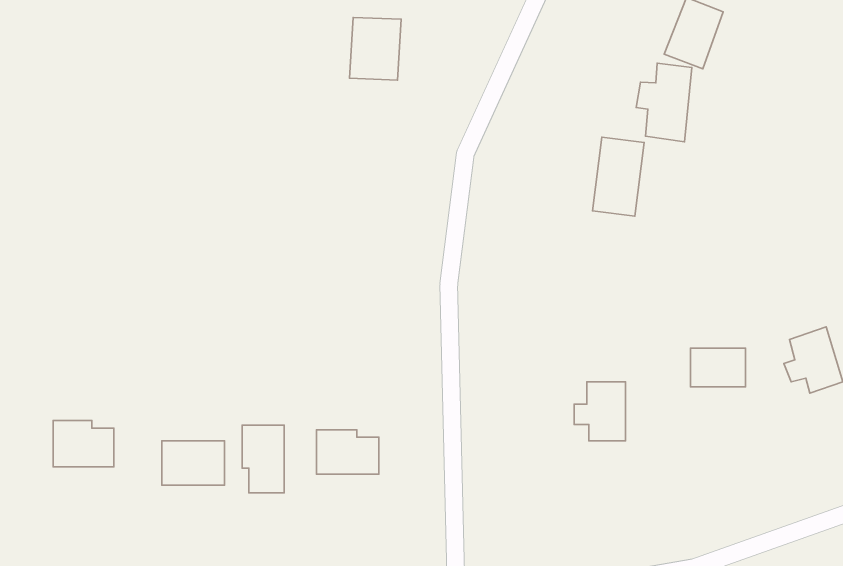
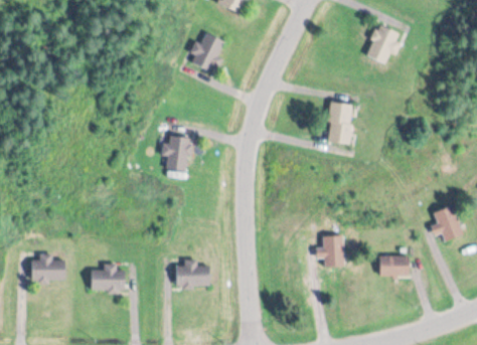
building: [636,63,692,142] -> none
building: none -> [163,138,188,169]
building: [690,348,746,387] -> [379,255,410,277]
building: [242,425,284,493] -> none

